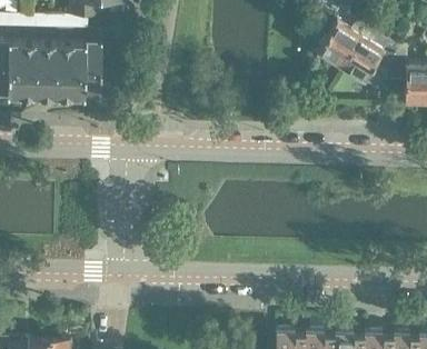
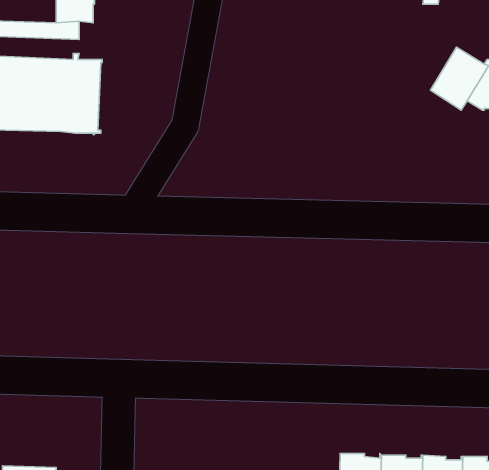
building: [318,20,361,67] -> none

